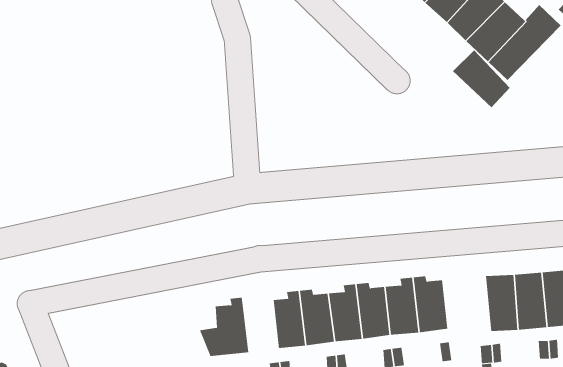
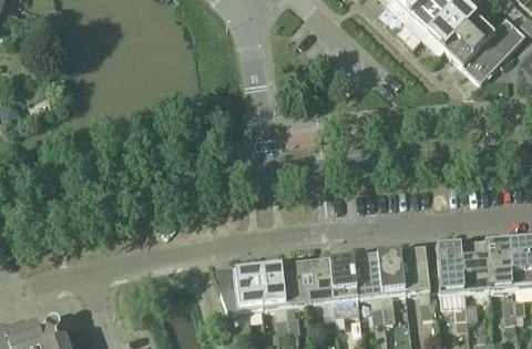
building: [452,49,511,108] -> none
building: none -> [436,246,464,295]
building: none -> [256,263,286,310]

